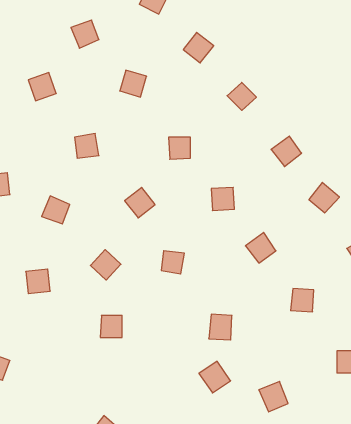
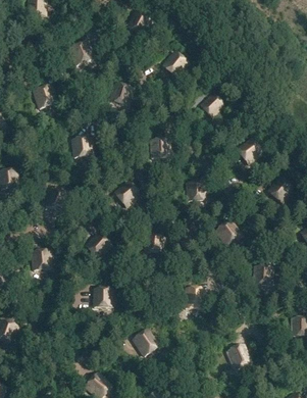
building: [199,361,231,393] -> [133,329,159,355]

